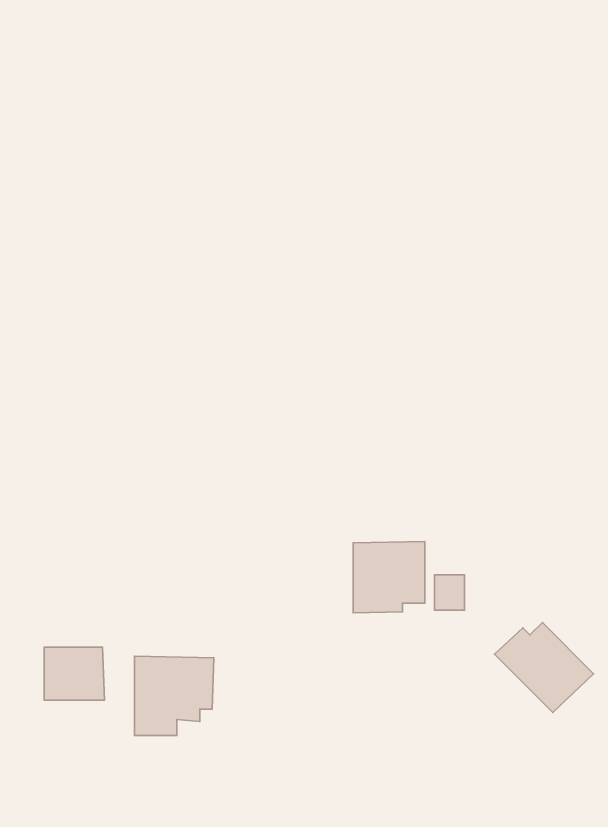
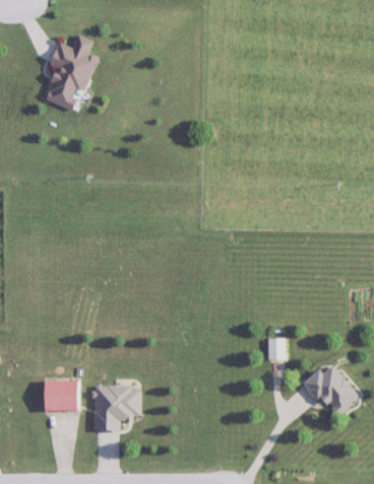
building: none -> [44,33,98,110]
building: [353,542,425,613] -> none

